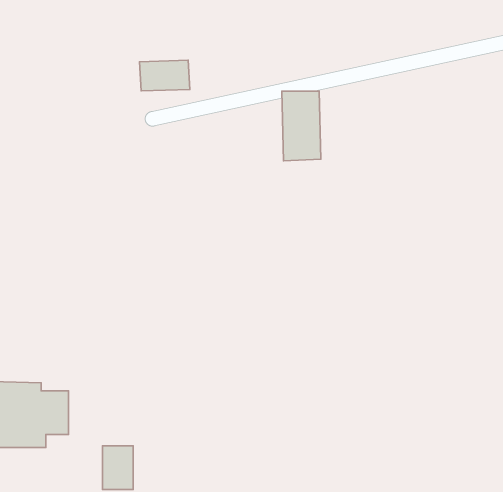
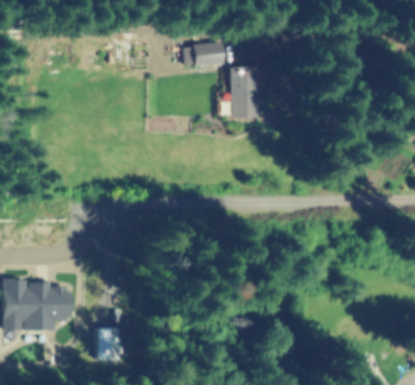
building: [140,60,190,91] -> [187,44,224,67]

